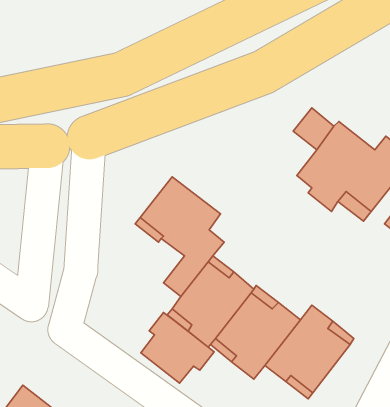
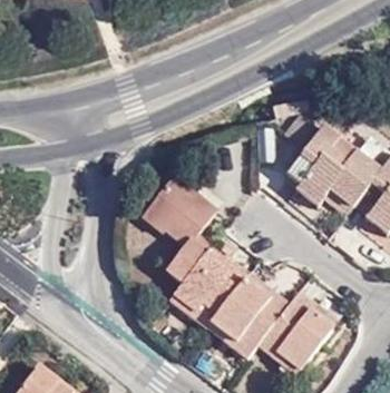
building: [141,313,214,383] -> none

